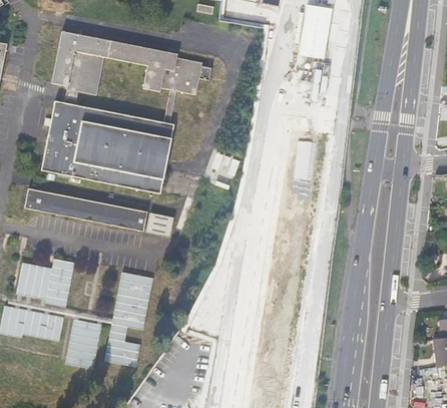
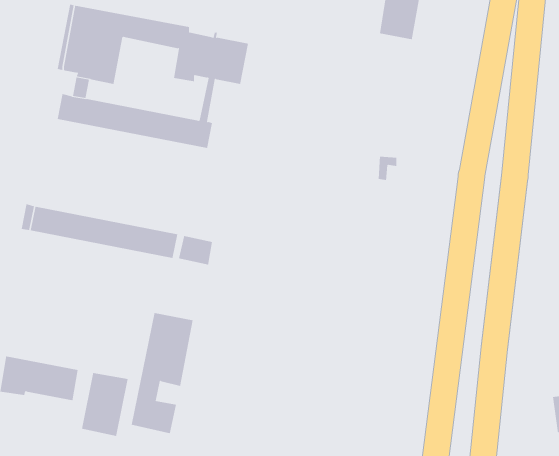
building: [38,120,166,192] -> none
building: [19,259,76,307] -> none

